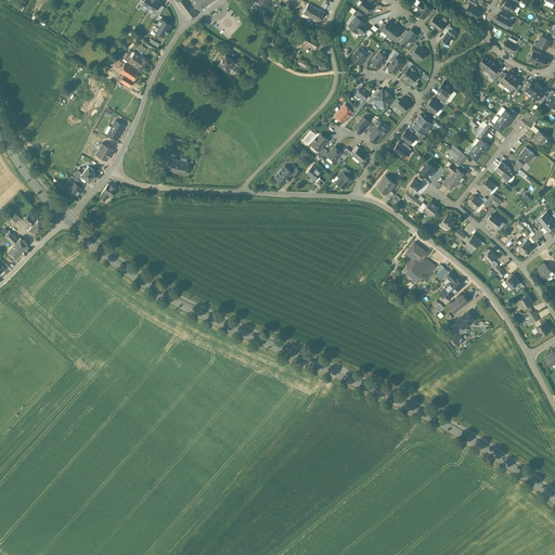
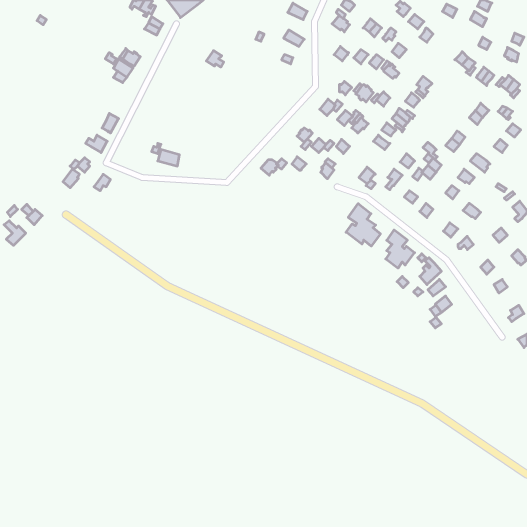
building: none -> [346,204,380,246]

